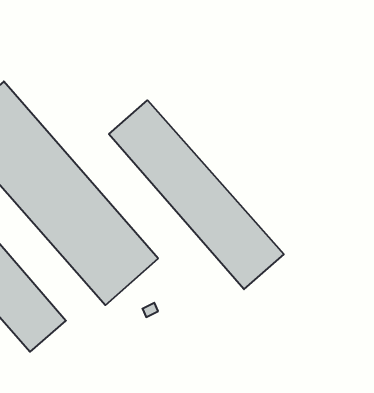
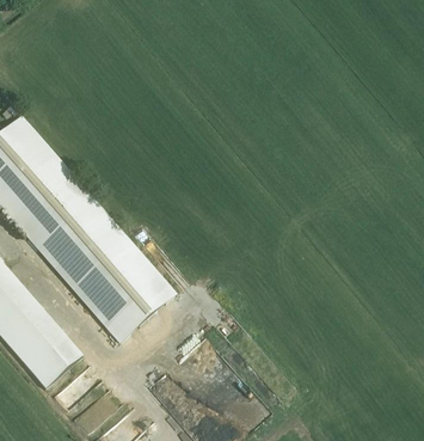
building: [109,100,284,289] -> none

